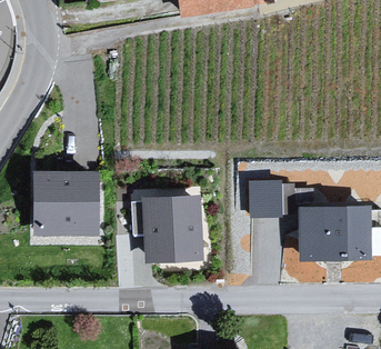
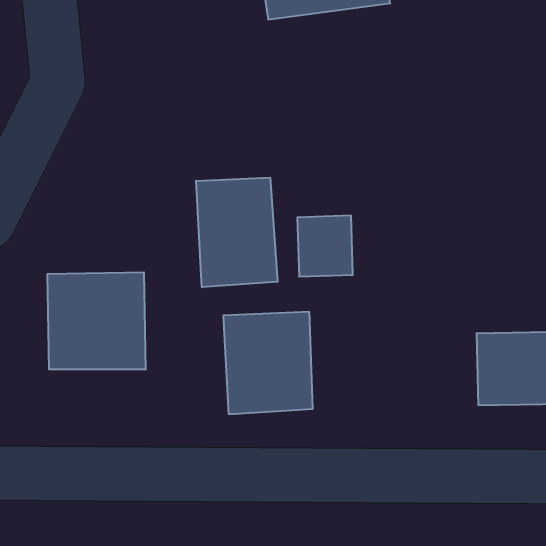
building: none -> [196,178,277,287]
building: [250,174,284,212] -> [297,216,353,277]

